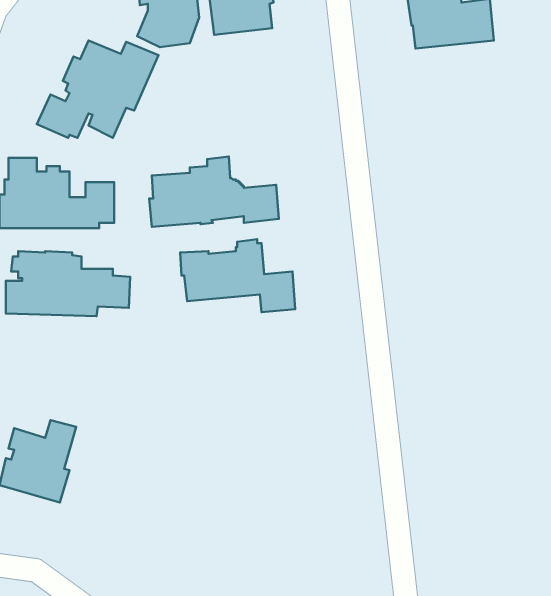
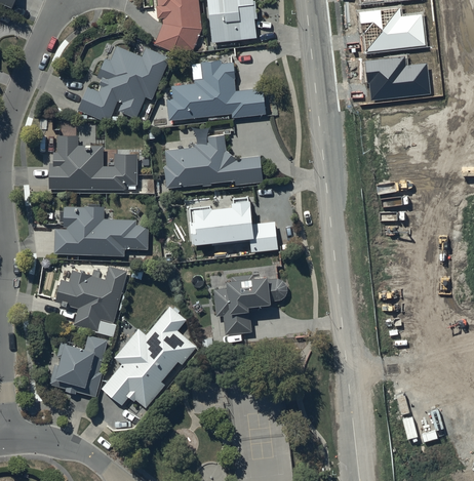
building: none -> [364,56,430,101]
building: none -> [166,58,265,120]
building: none -> [55,266,126,331]
building: none -> [213,274,286,334]
building: none -> [102,304,196,407]

